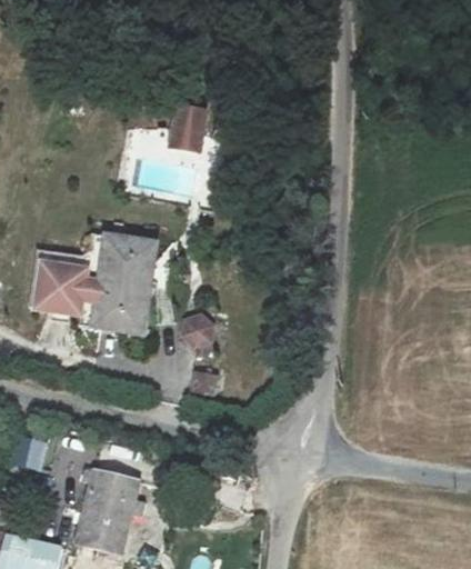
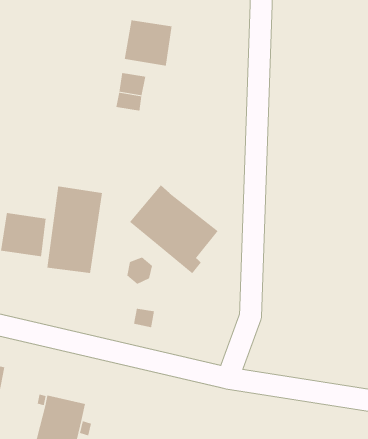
building: none -> [124,19,172,66]
building: none -> [129,184,219,274]

